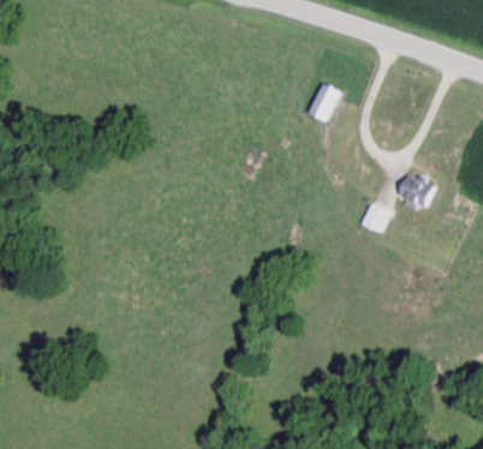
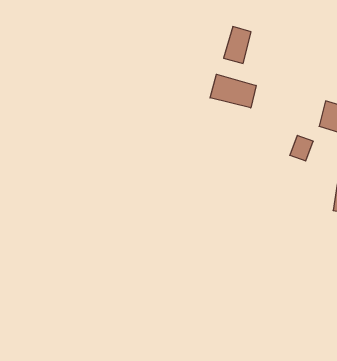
building: none -> [210,74,256,108]

